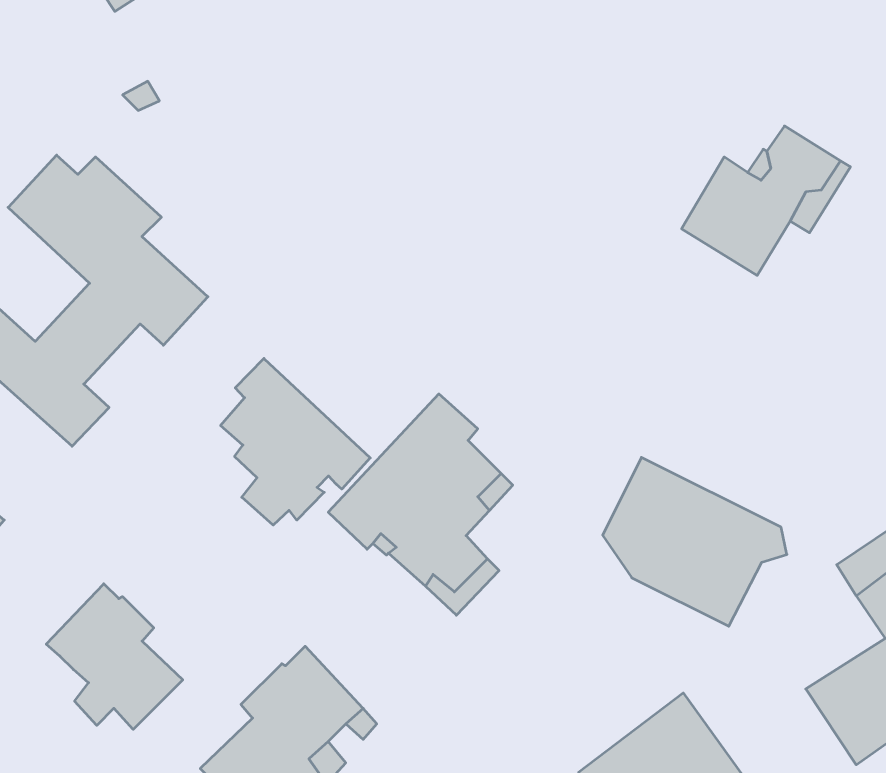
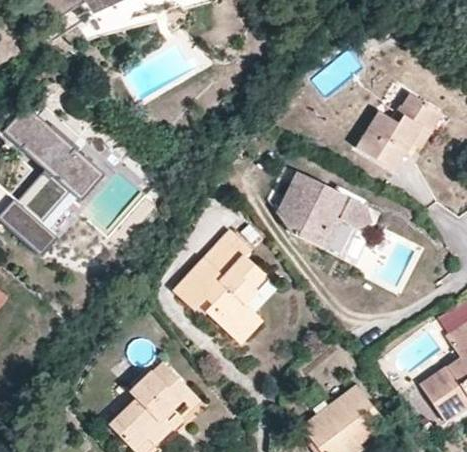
building: [221,358,370,525] -> none
building: [603,457,787,626] -> [275,170,370,257]
building: [46,584,183,729] -> none

